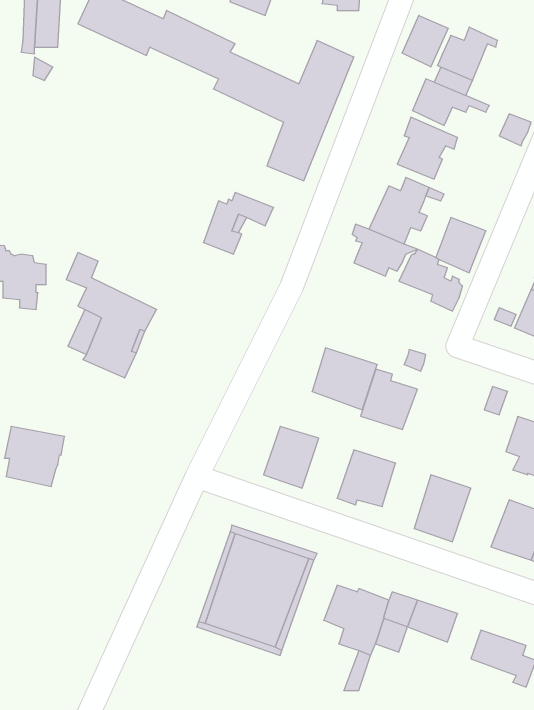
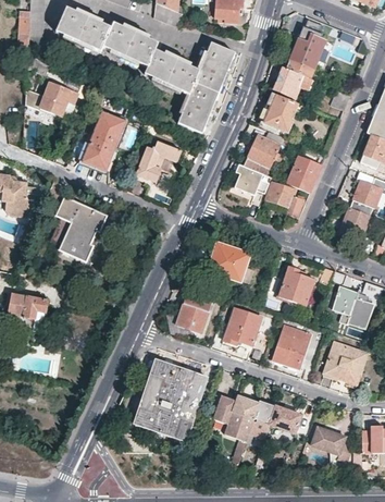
building: [402,15,448,67] -> none
building: none -> [25,82,77,118]
building: none -> [83,111,125,171]
building: [361,369,417,429] -> [278,266,315,305]

